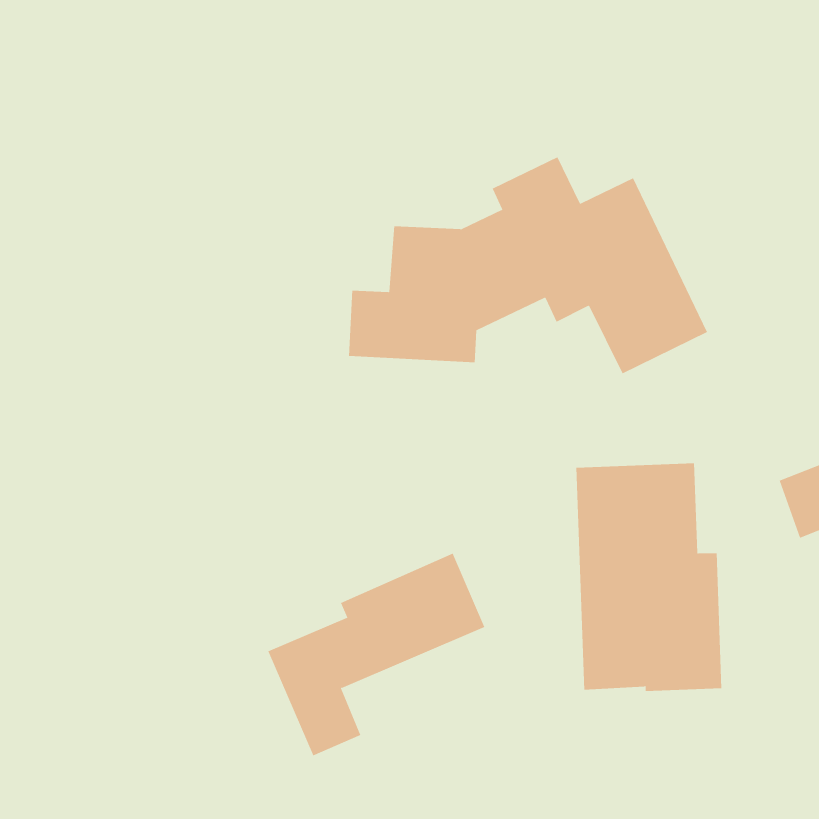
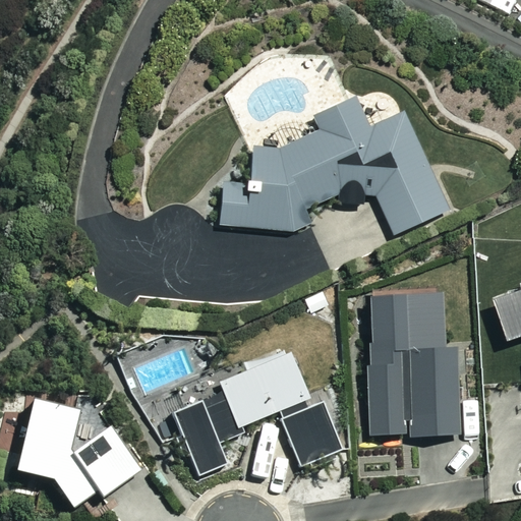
building: none -> [15,388,139,509]
building: none -> [280,399,344,467]

